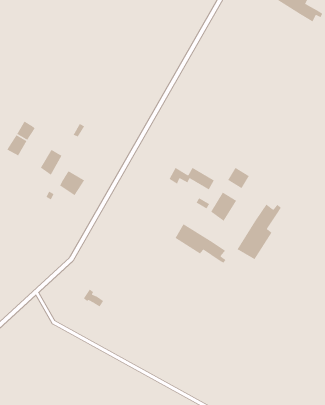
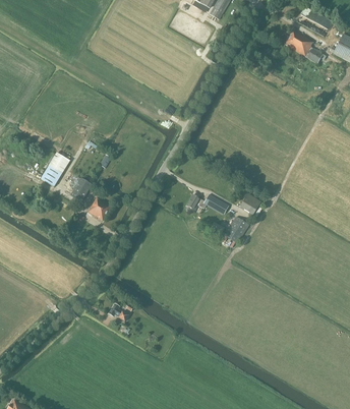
building: [237,203,282,260] -> none
building: [174,223,226,264] -> none

